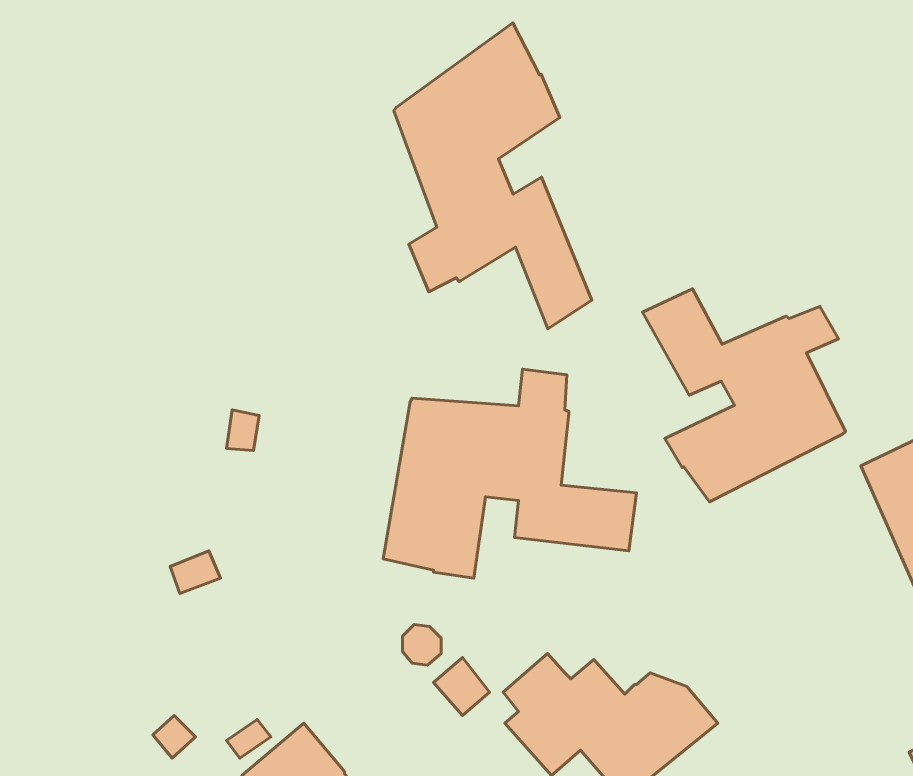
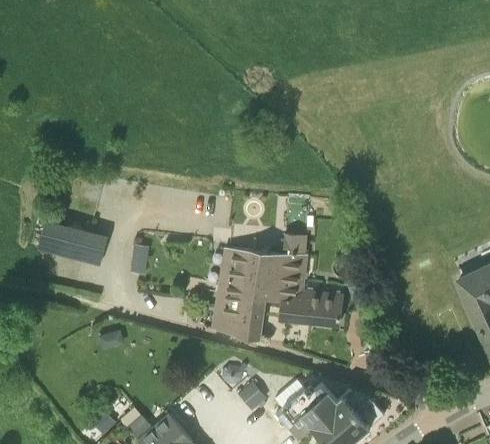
building: [394,23,592,329] -> none
building: [643,289,845,502] -> none
building: none -> [39,223,107,264]

